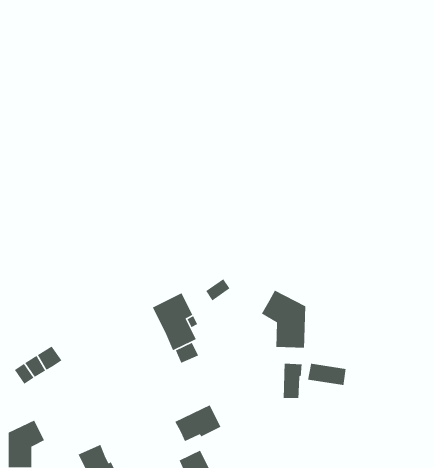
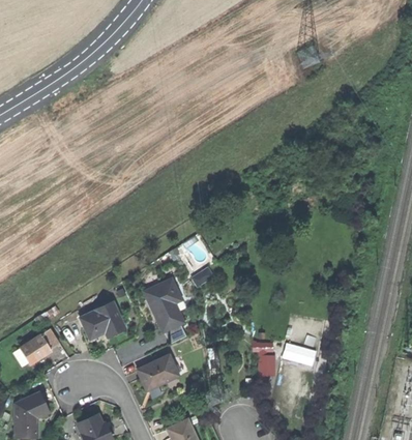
building: [261,290,306,349] -> none
building: none -> [81,303,124,340]
building: [174,404,222,442] -> [136,355,178,389]

